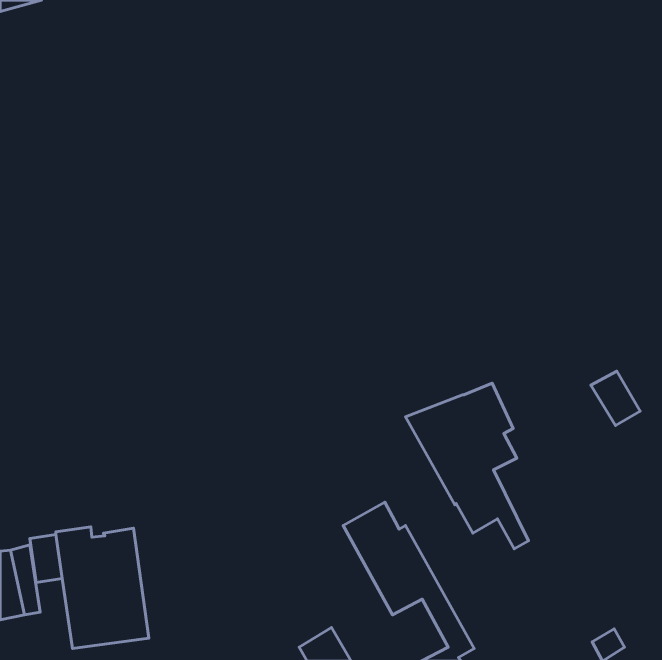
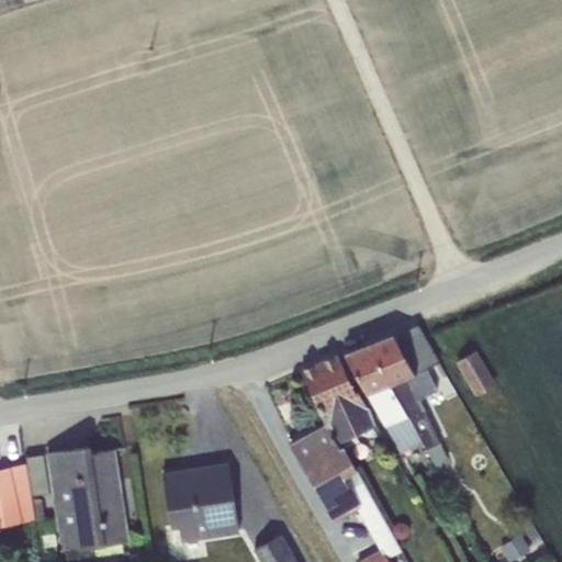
building: [591,371,640,425] -> [453,350,495,396]
building: none -> [301,356,376,443]
building: none -> [161,464,239,542]

